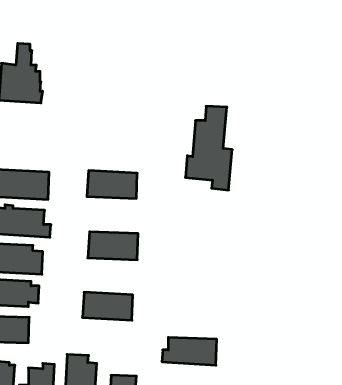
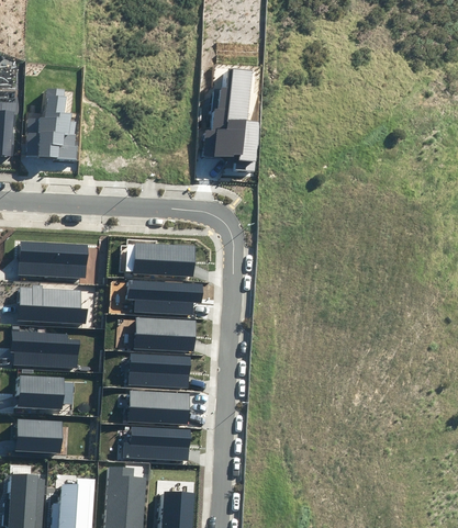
building: [185,106,232,190] -> [202,69,259,171]
building: none -> [127,281,202,315]
building: none -> [126,355,190,387]
building: [162,337,217,365] -> [122,427,189,461]

